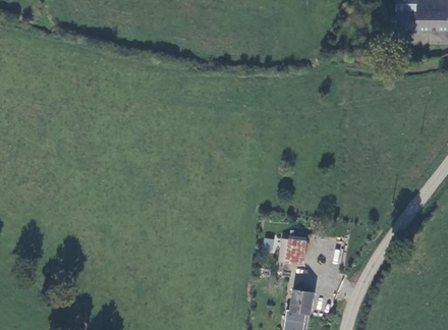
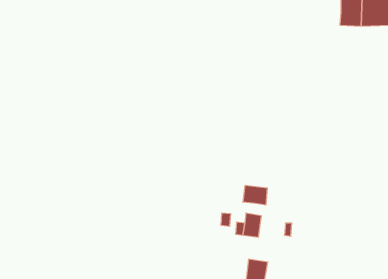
building: none -> [243,185,267,205]

